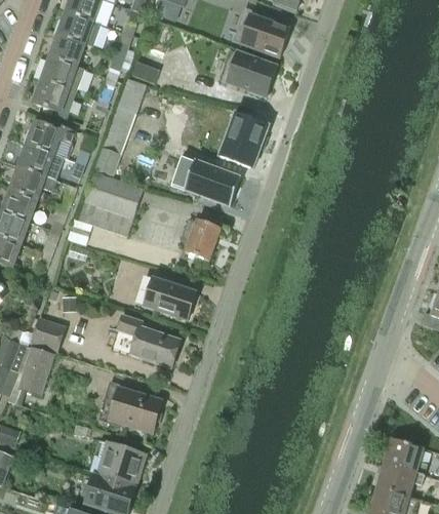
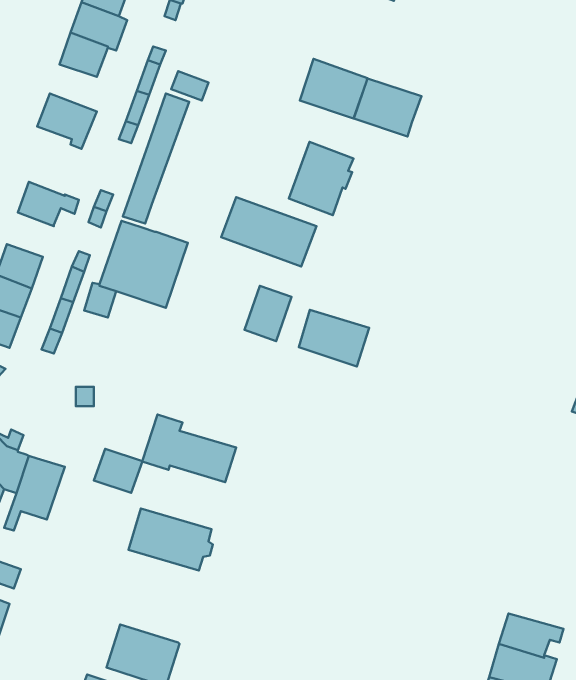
building: [241,13,291,56] -> [354,78,421,136]
building: [42,55,84,90] -> none
building: [27,119,75,153] -> none
building: [10,165,55,198] -> none
building: [145,277,197,319] -> [299,310,369,366]
building: [30,317,66,350] -> [94,449,142,493]
building: [383,437,427,474] -> none
building: [91,439,148,484] -> none

